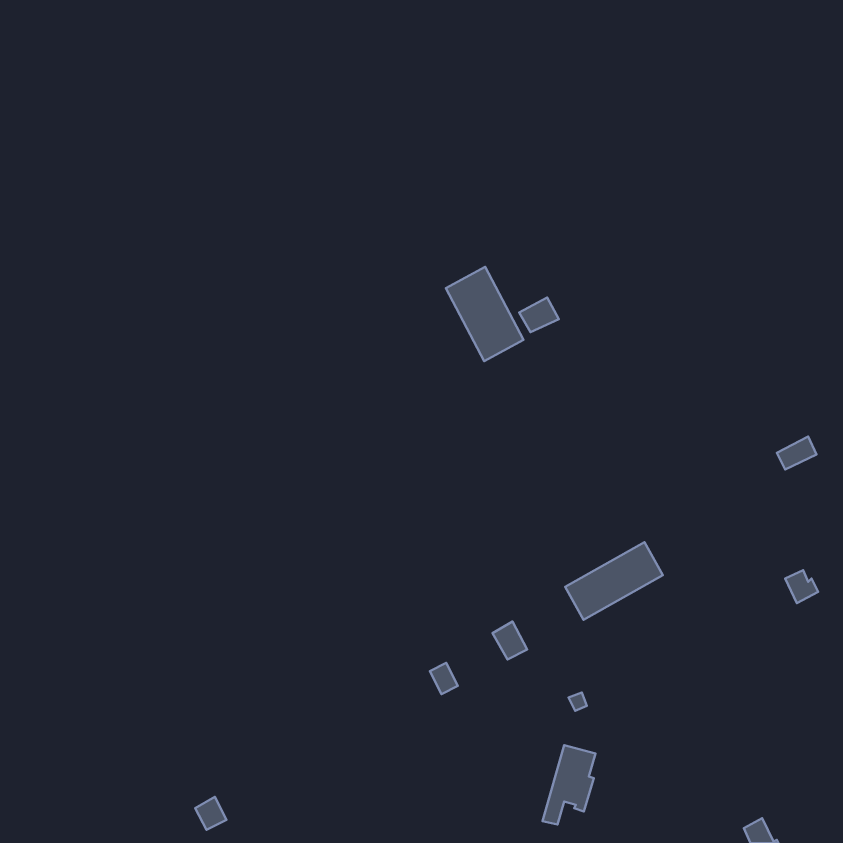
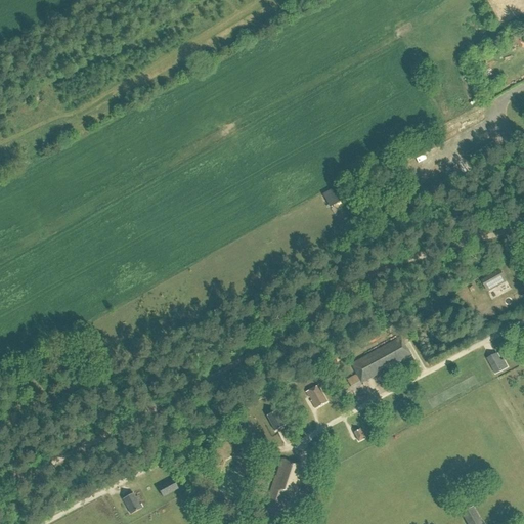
building: [446,267,524,361] -> none
building: [543,745,596,825] -> [266,458,299,508]

